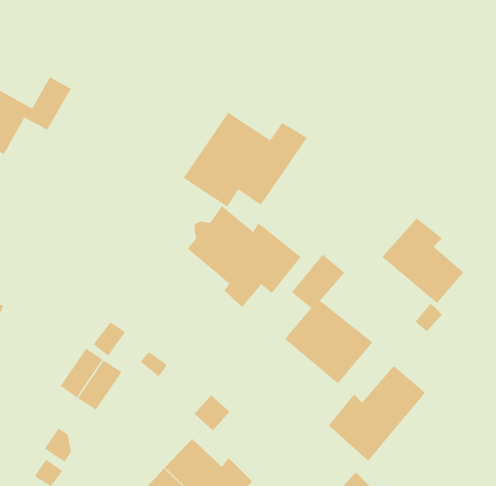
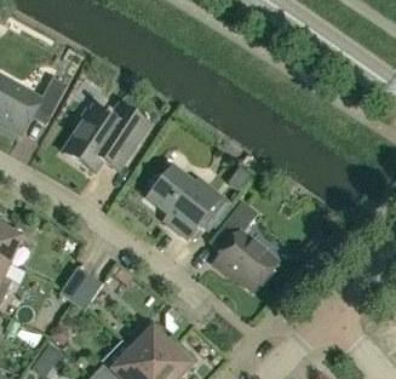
building: [183,112,308,207] -> [62,104,149,171]
building: [381,217,464,304] -> none
building: [328,365,426,461] -> none

